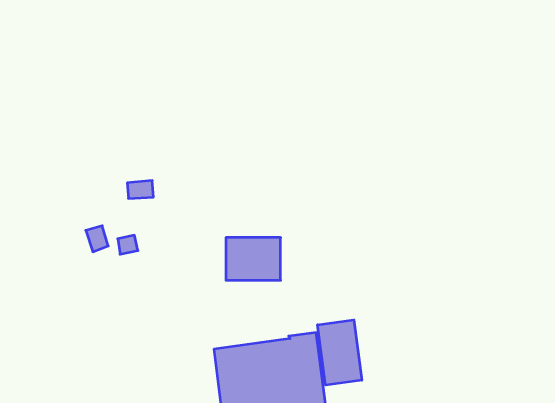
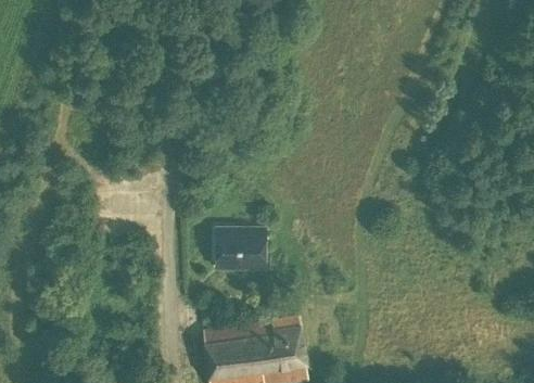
building: [318,320,362,385] -> none

